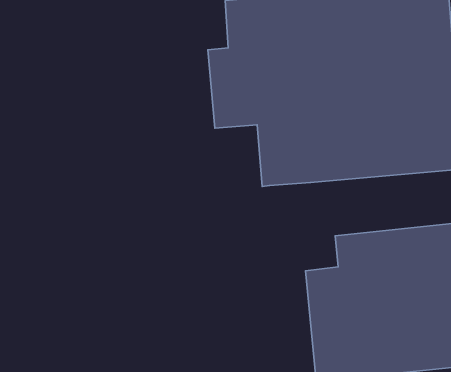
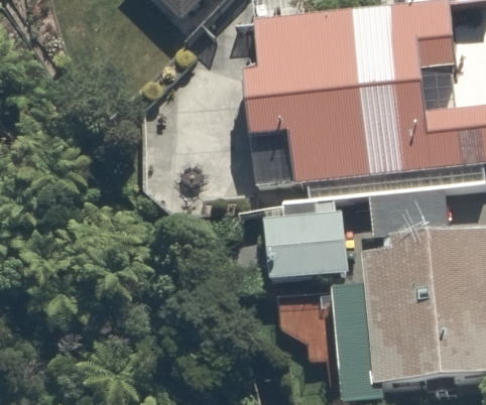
building: none -> [261,192,346,276]

